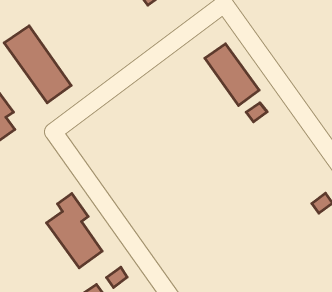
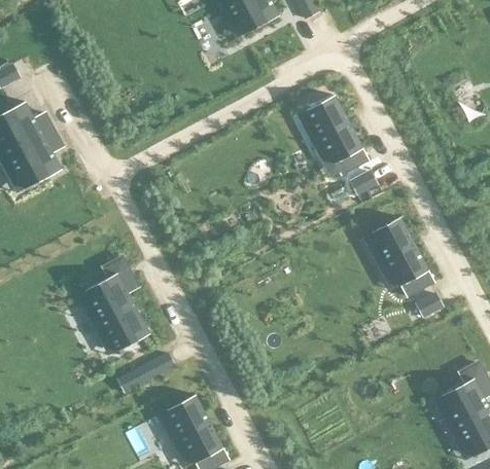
building: [4,26,71,103] -> none
building: none -> [371,218,432,297]

